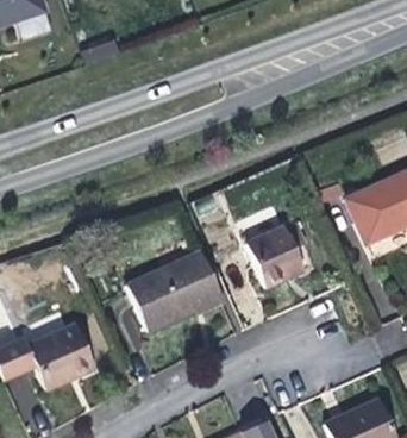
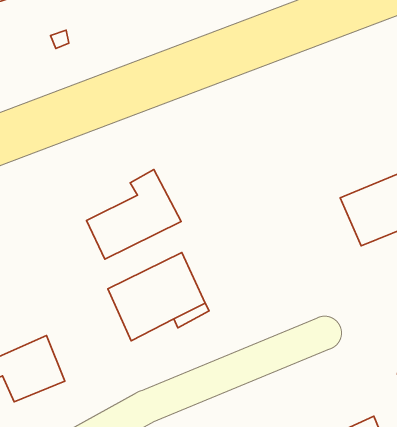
building: none -> [87,170,181,259]
building: [248,224,306,287] -> none

